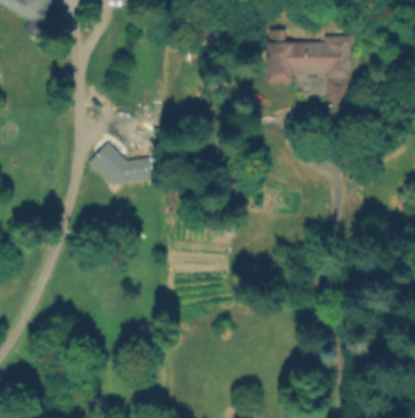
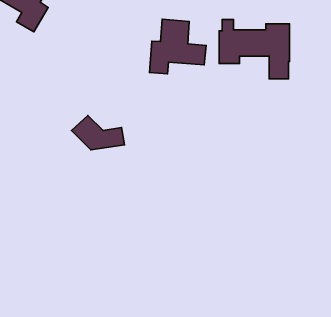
building: none -> [150,19,206,74]

